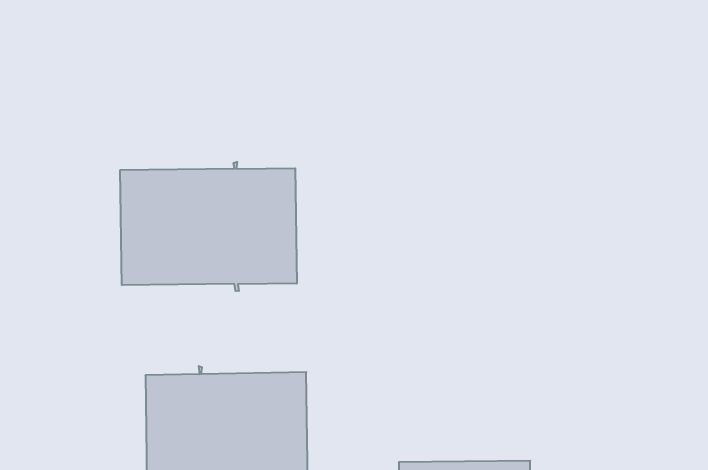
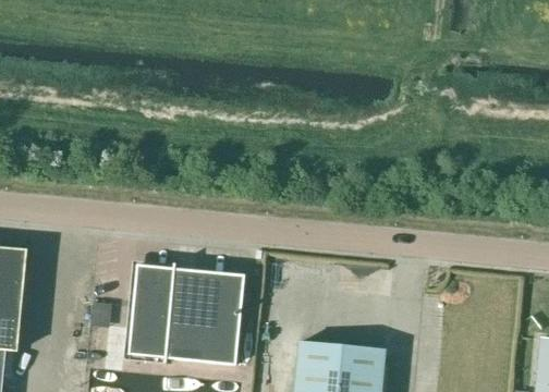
building: [120,162,297,291] -> none

